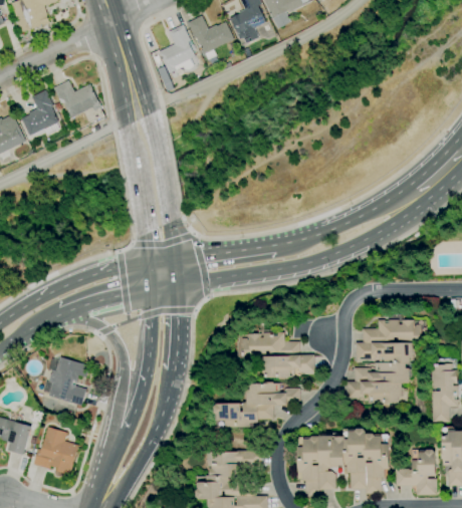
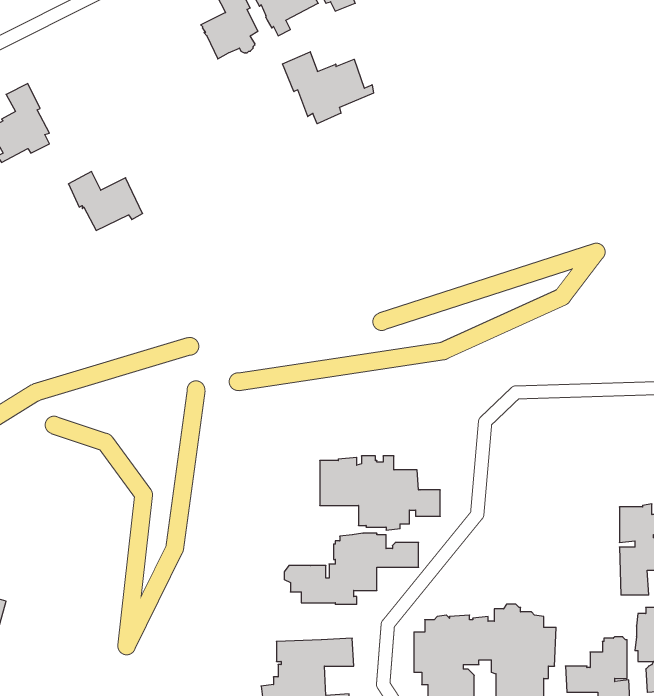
building: none -> [283,52,374,124]
building: [53,79,101,117] -> [68,172,143,230]
building: [345,319,421,404] -> none
building: [42,355,89,406] -> none
building: [32,426,78,475] -> none

